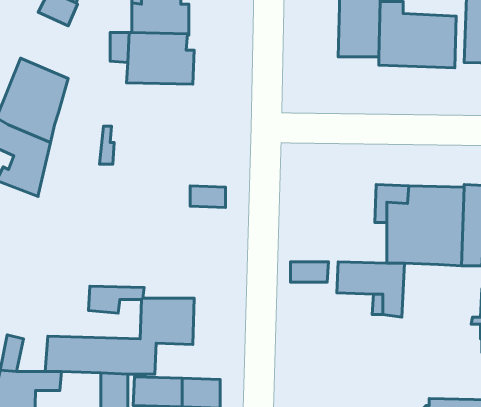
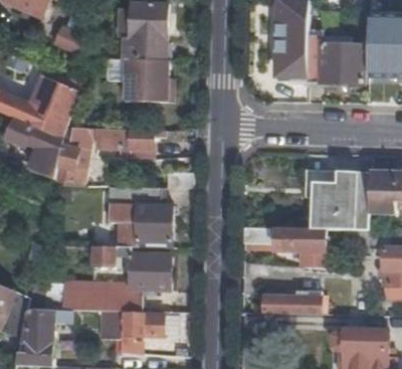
building: none -> [54,126,89,181]
building: none -> [119,127,153,153]
building: none -> [107,185,172,247]
building: none -> [263,291,320,314]

